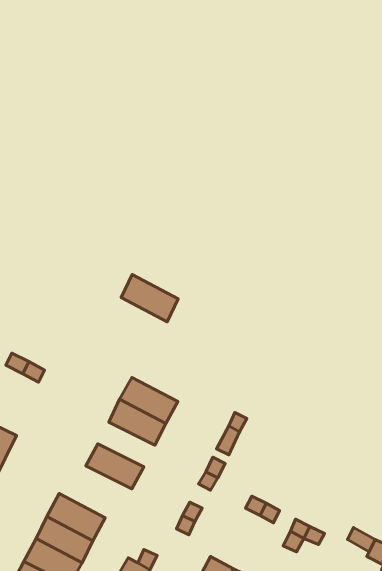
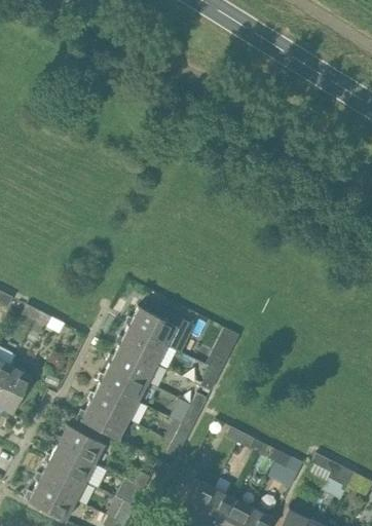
building: [121,275,178,322] -> [128,307,177,347]
building: none -> [100,365,148,403]
building: none -> [80,402,128,442]

